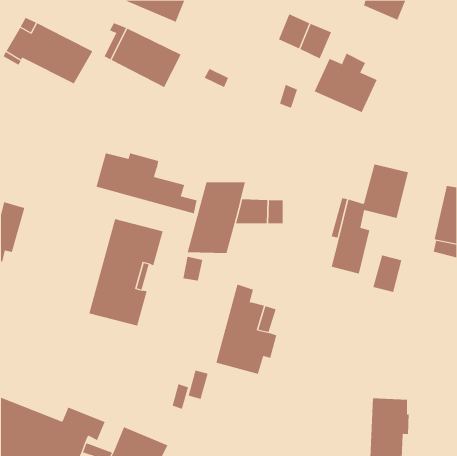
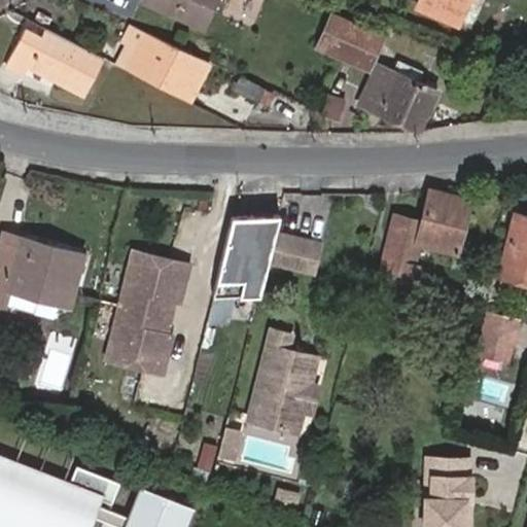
building: [96,152,197,214] -> none
building: none -> [14,241,81,307]
building: [373,255,402,292] -> [478,315,512,358]

